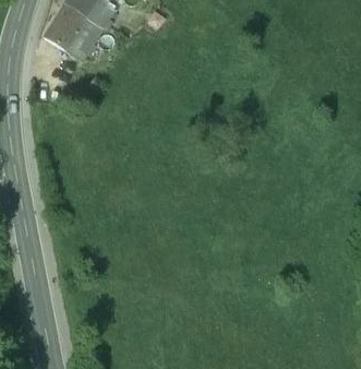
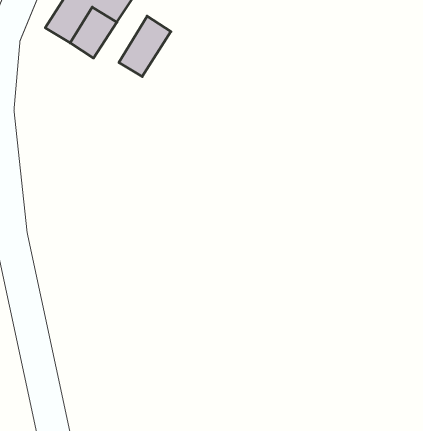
building: none -> [119,16,171,77]

